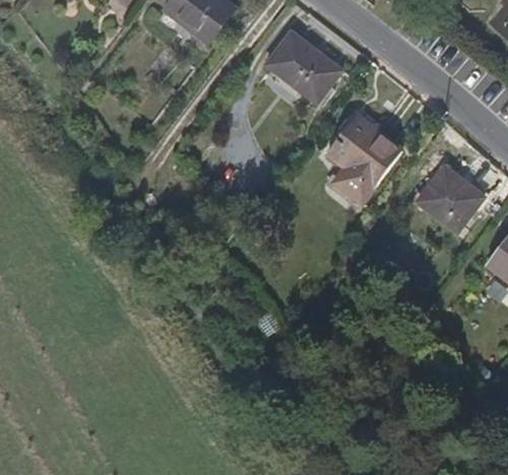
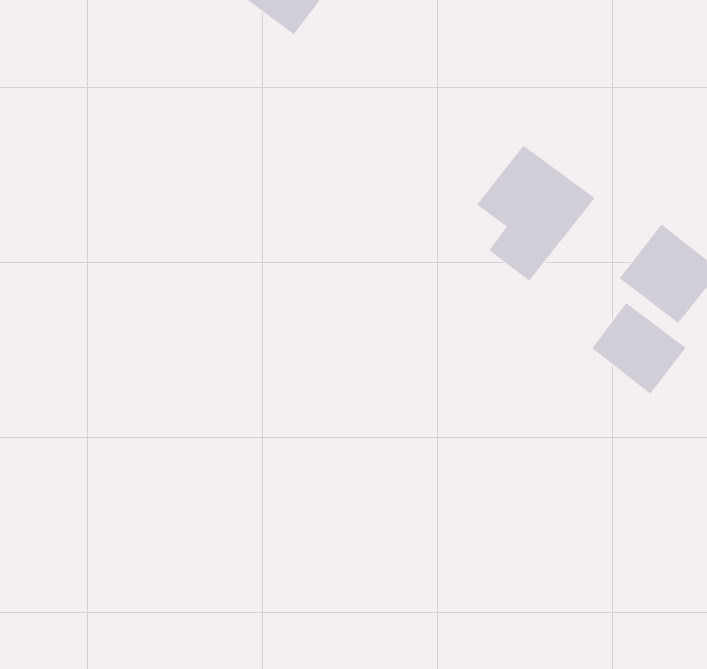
building: [267,31,340,101] -> none
building: none -> [592,302,686,394]

